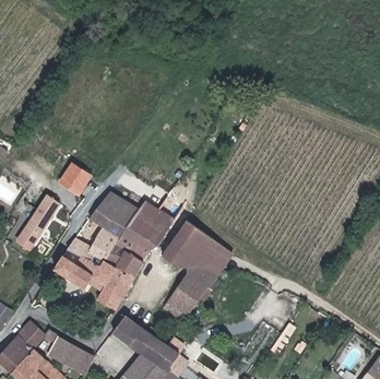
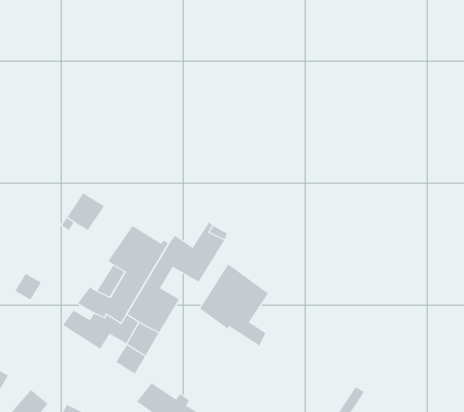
building: [24,198,57,238] -> none
building: [132,226,163,251] -> none
building: [203,247,233,279] -> none
building: [167,273,209,317] -> none

